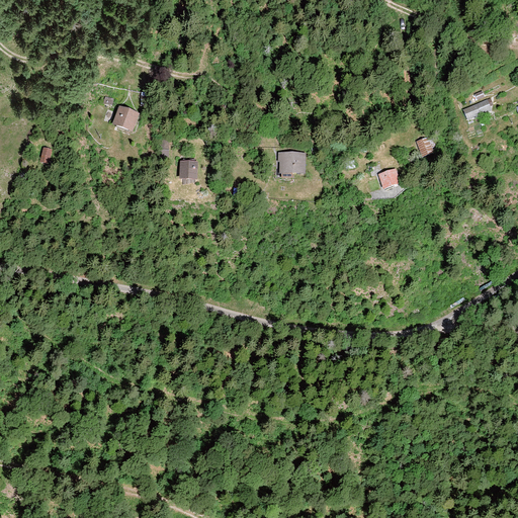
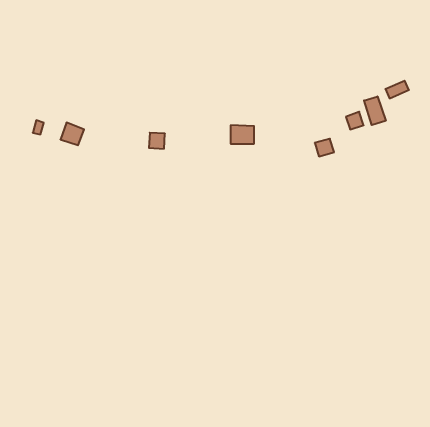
building: [112,105,141,133] -> [60,123,84,145]
building: none -> [364,96,386,125]

